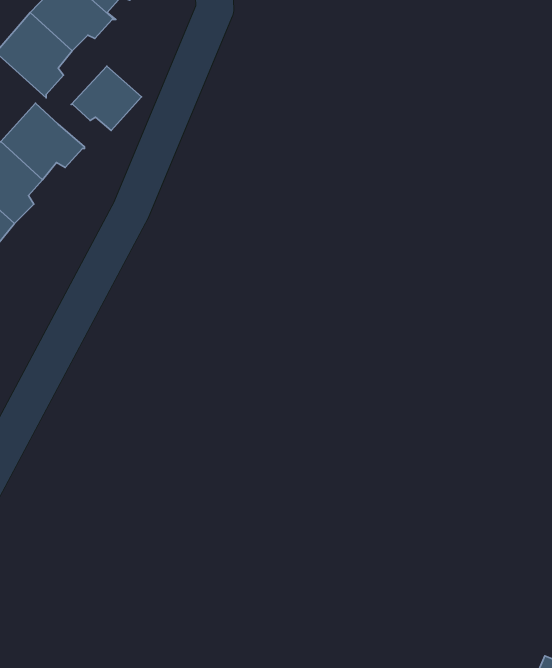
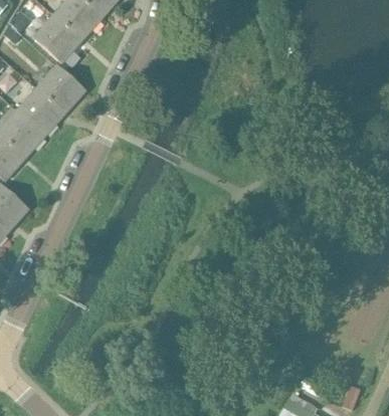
building: [71,66,142,130] -> none

